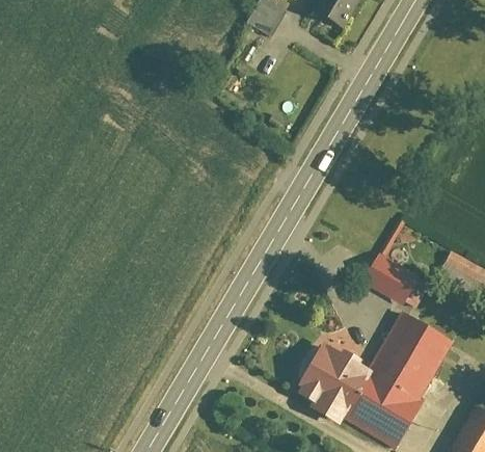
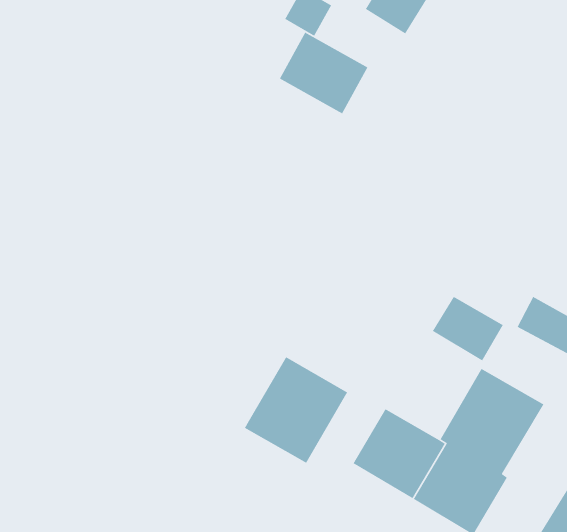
building: none -> [279,32,369,115]
building: none -> [244,356,348,464]

